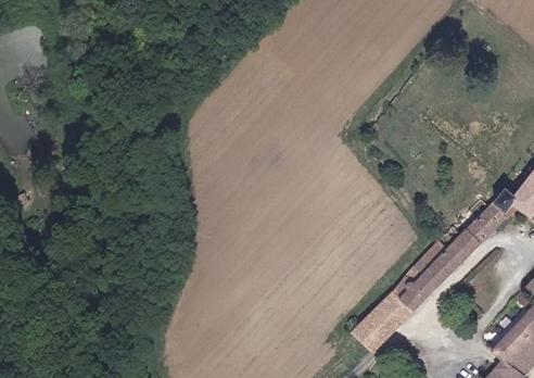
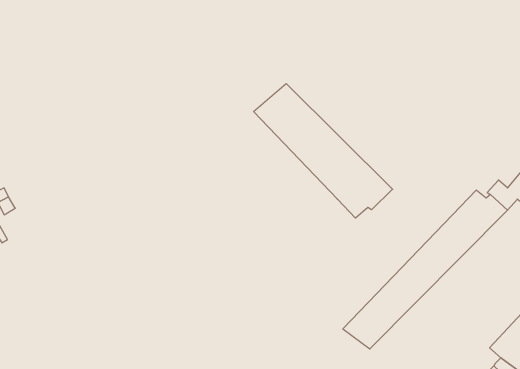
building: none -> [254,84,393,218]

